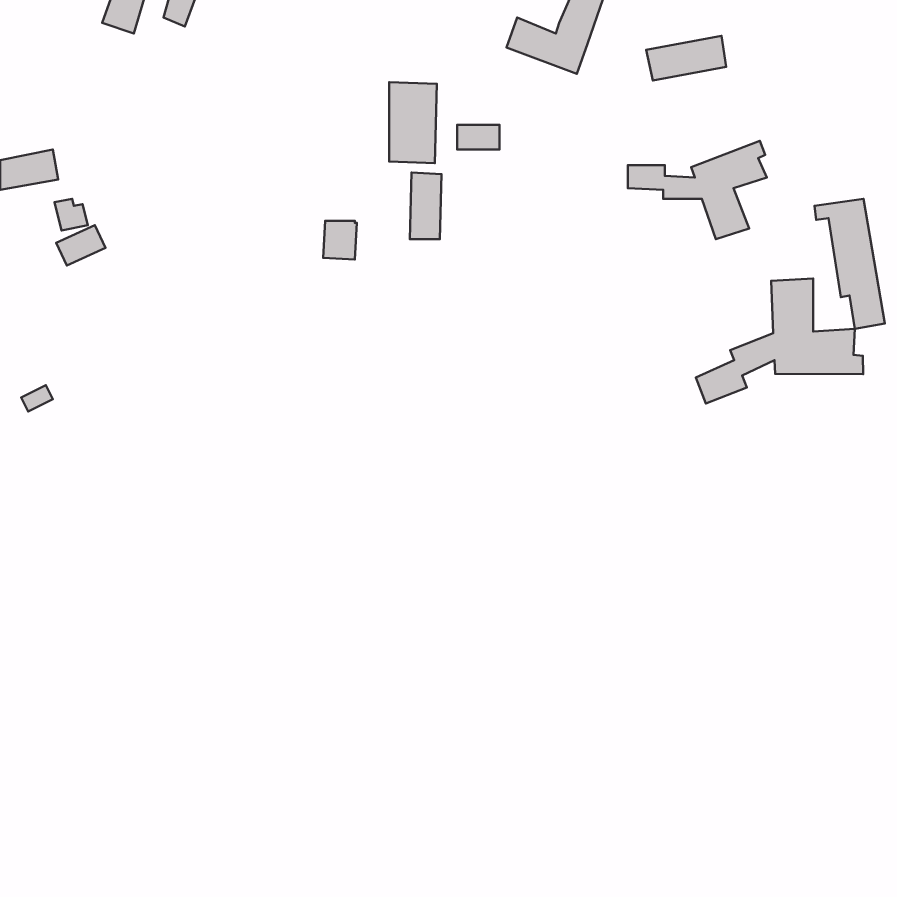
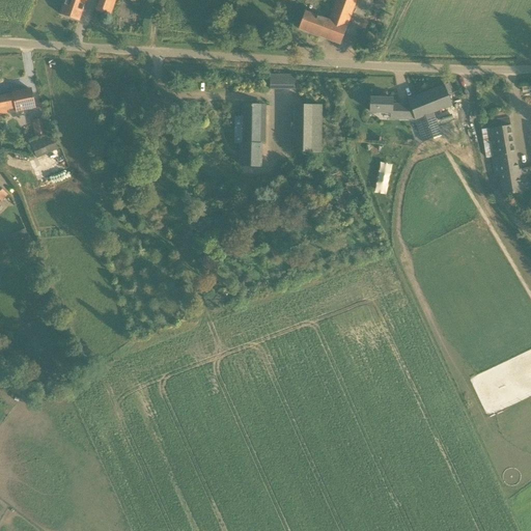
building: [646,36,726,81] -> none
building: [389,82,437,163] -> [295,104,323,151]
building: [323,221,357,260] -> [242,141,261,164]
building: [696,278,863,403] -> none

